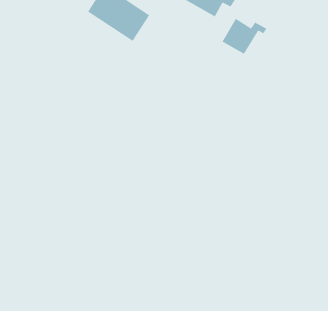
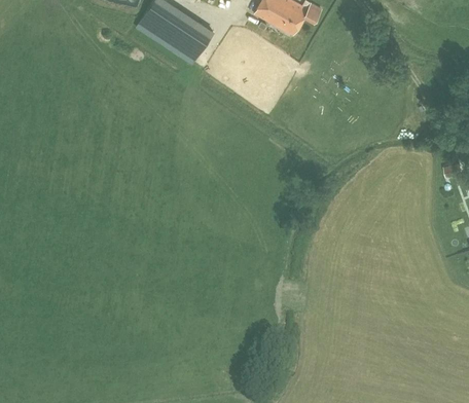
building: [222,18,267,55] -> none

